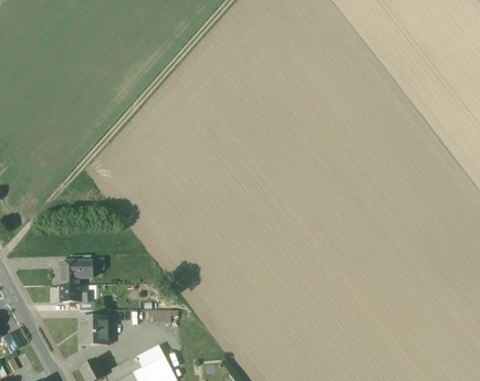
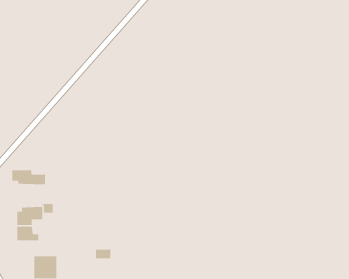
building: none -> [11,169,46,185]

